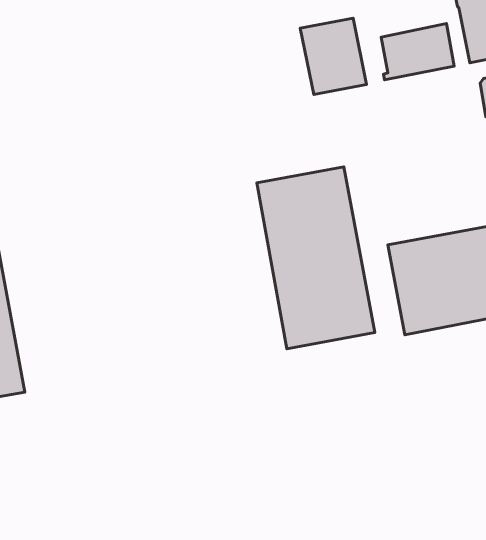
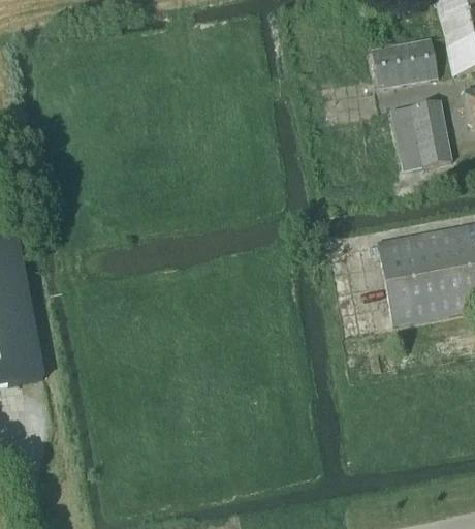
building: [300,18,367,95] -> [390,99,451,169]
building: [257,167,375,349] -> none

